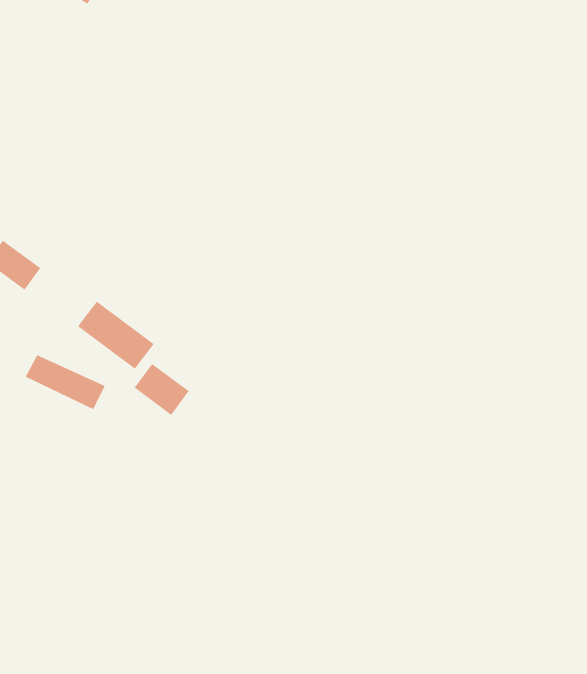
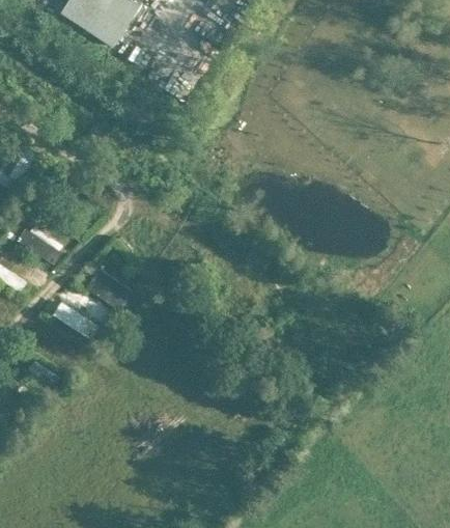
building: [134,363,190,416] -> none

